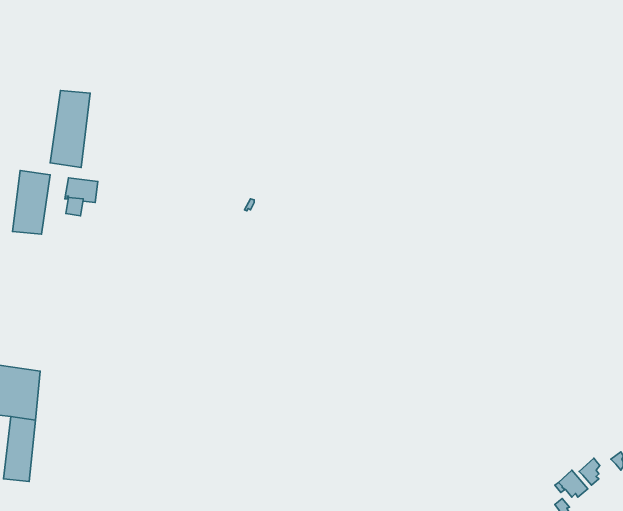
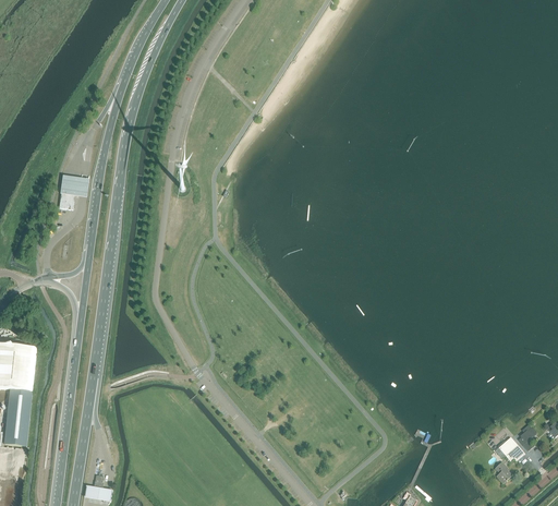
building: [50,90,90,167] -> none
building: [12,171,50,234] -> none

